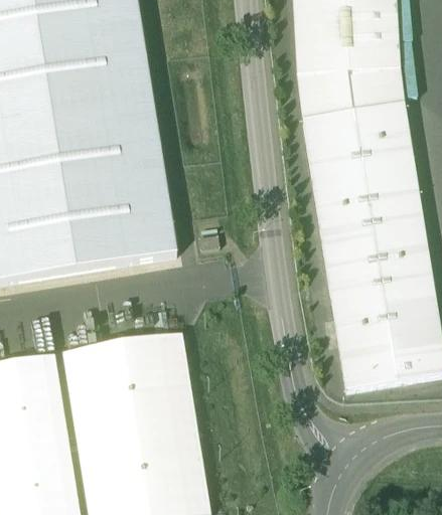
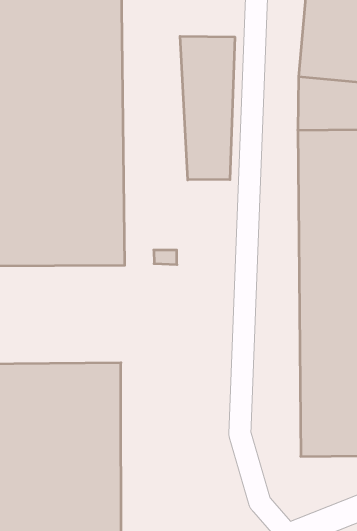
building: none -> [180,36,235,180]

